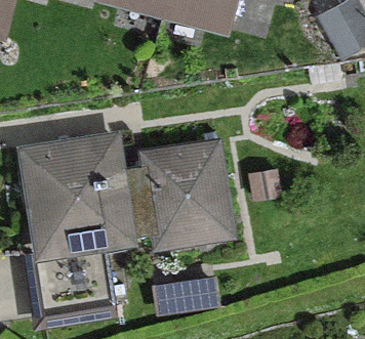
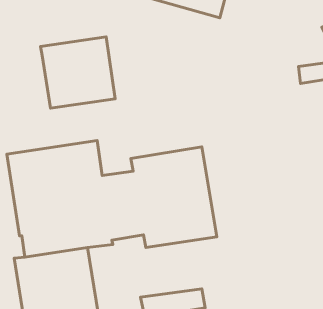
building: none -> [40,37,115,108]

